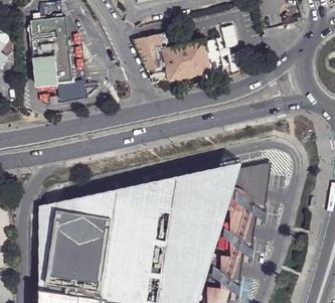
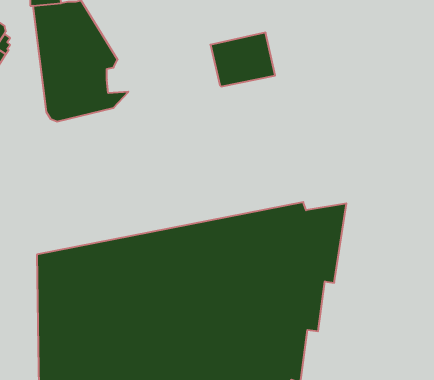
building: [133,32,170,83] -> none

